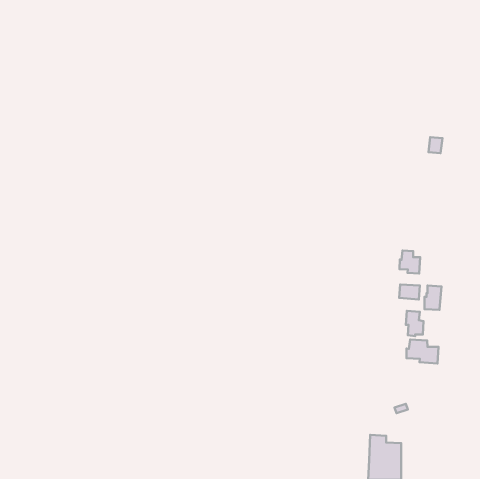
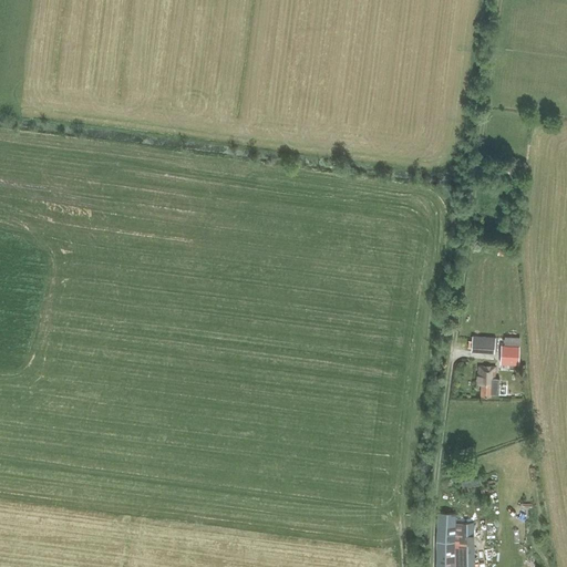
building: [400,250,420,274] -> none
building: [407,340,439,363] -> none

